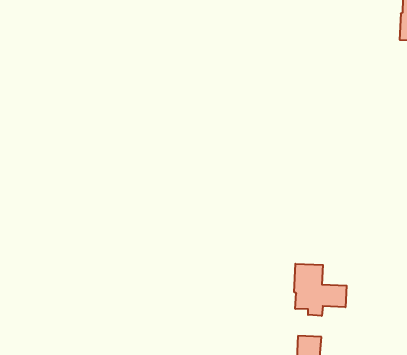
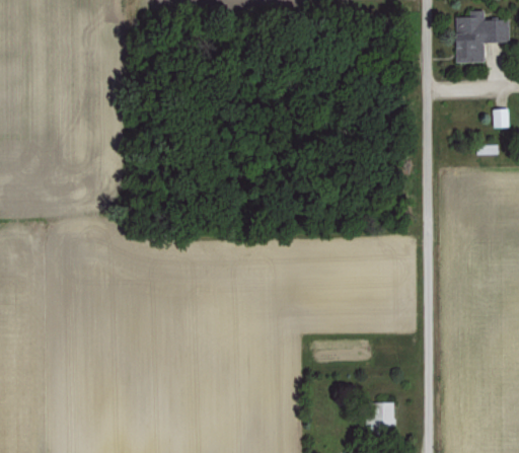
building: [294,264,347,316] -> none

